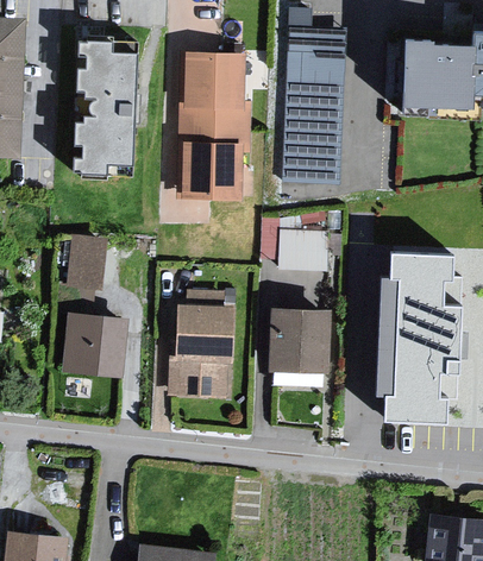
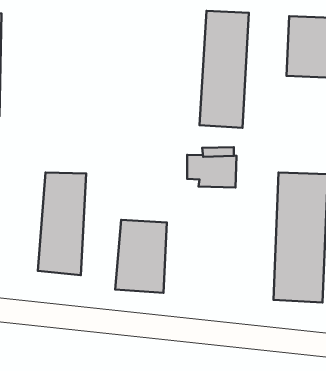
building: [68,50,140,183] -> none
building: [180,57,246,207] -> none
building: [266,310,328,376] -> none

